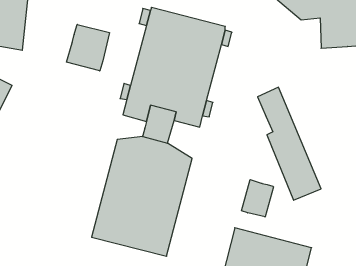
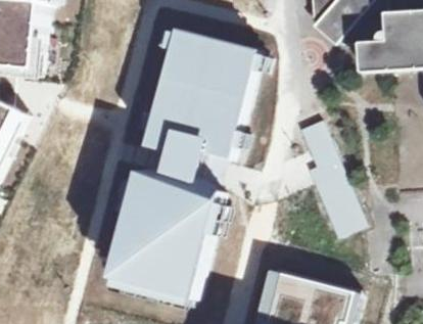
building: [67,24,109,71] -> none
building: [241,180,273,217] -> none

